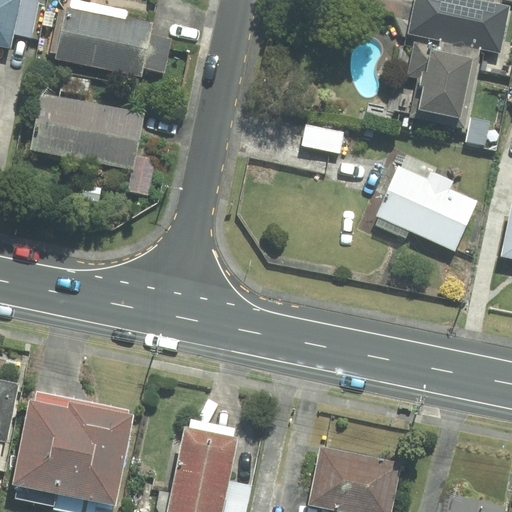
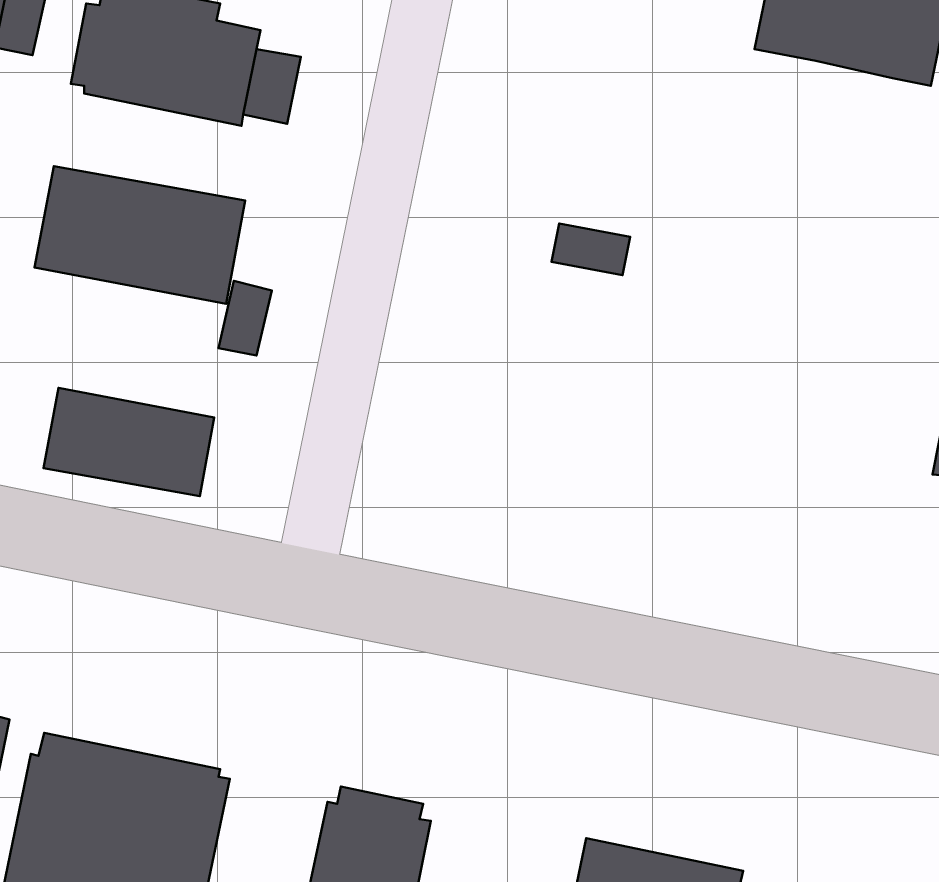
building: [406,40,479,128] -> none
building: [375,156,476,252] -> none
building: none -> [44,388,214,496]

